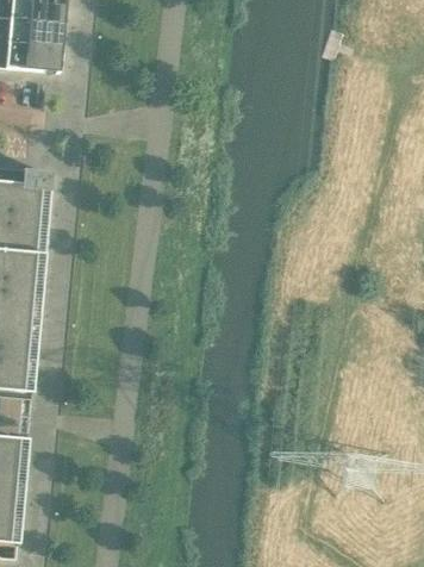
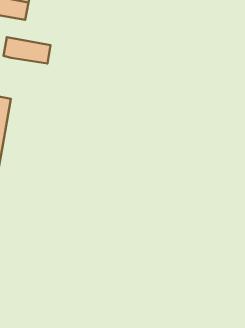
building: none -> [4,37,51,64]

